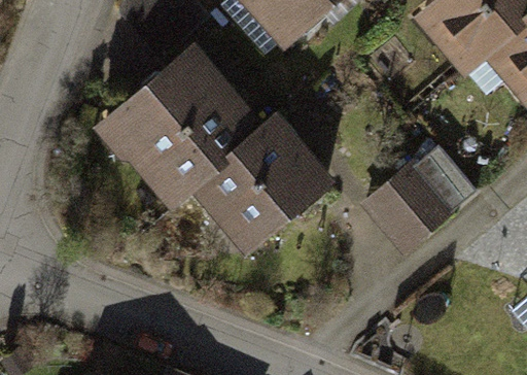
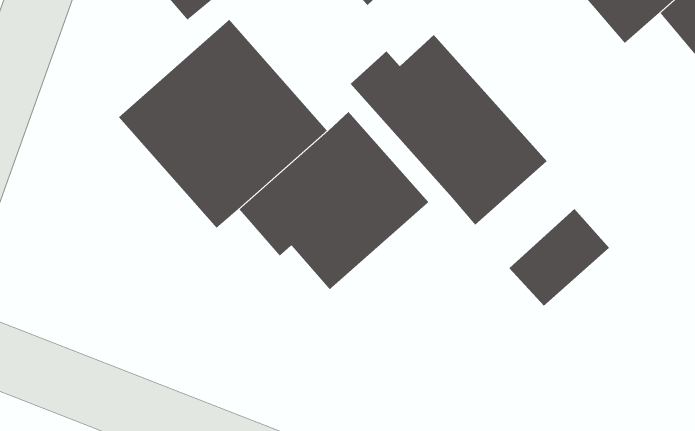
building: none -> [350,34,547,226]

